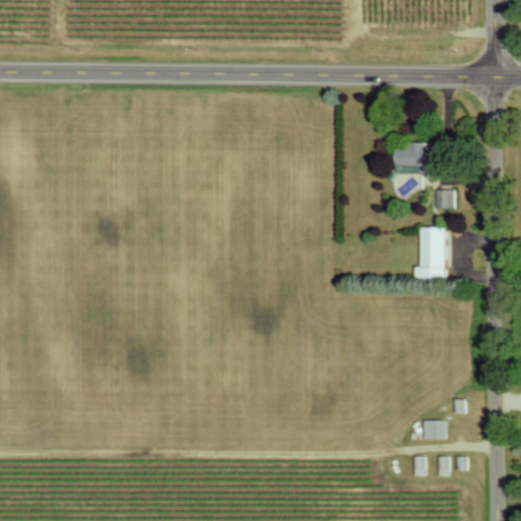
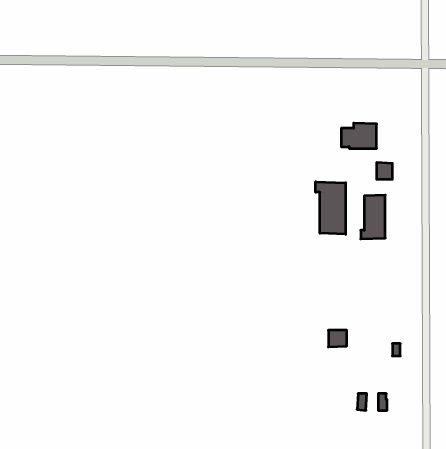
building: none -> [316,182,346,234]
building: [422,419,444,439] -> [328,330,347,347]

